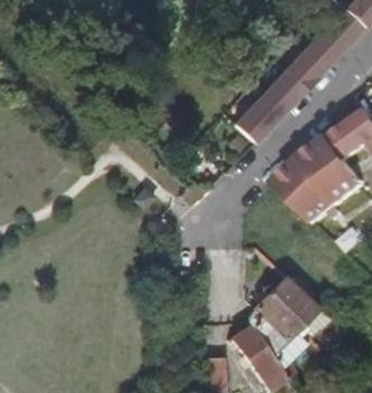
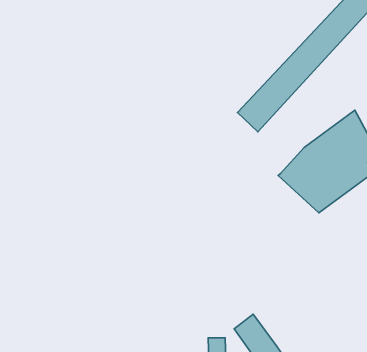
building: [249,276,331,356] -> none

